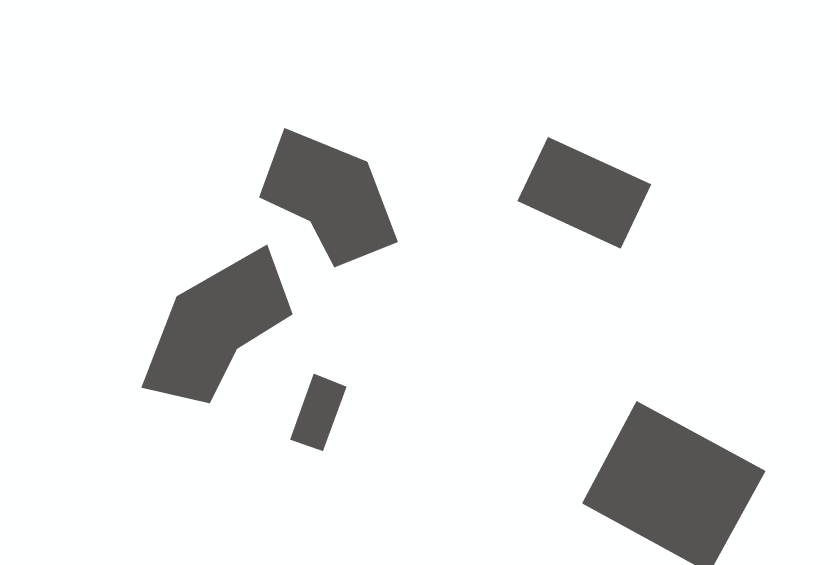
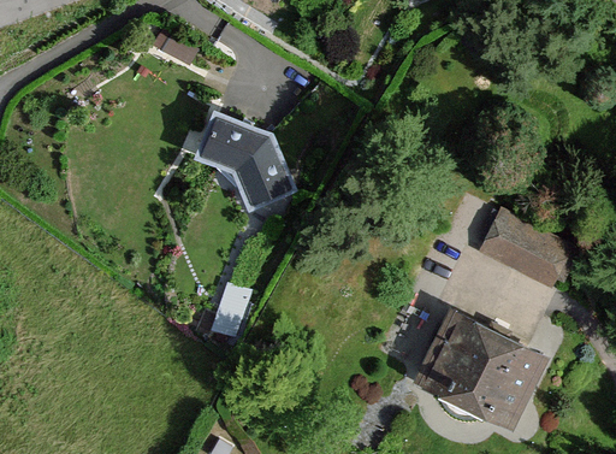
building: [517,136,652,249] -> [473,210,568,289]
building: [140,244,293,404] -> none

